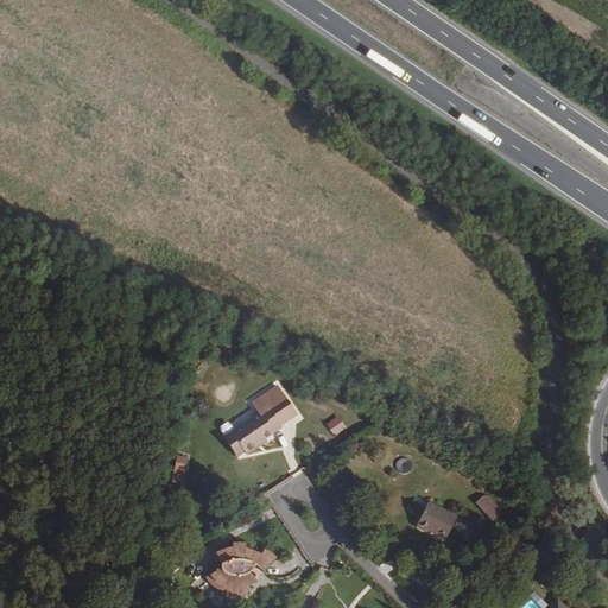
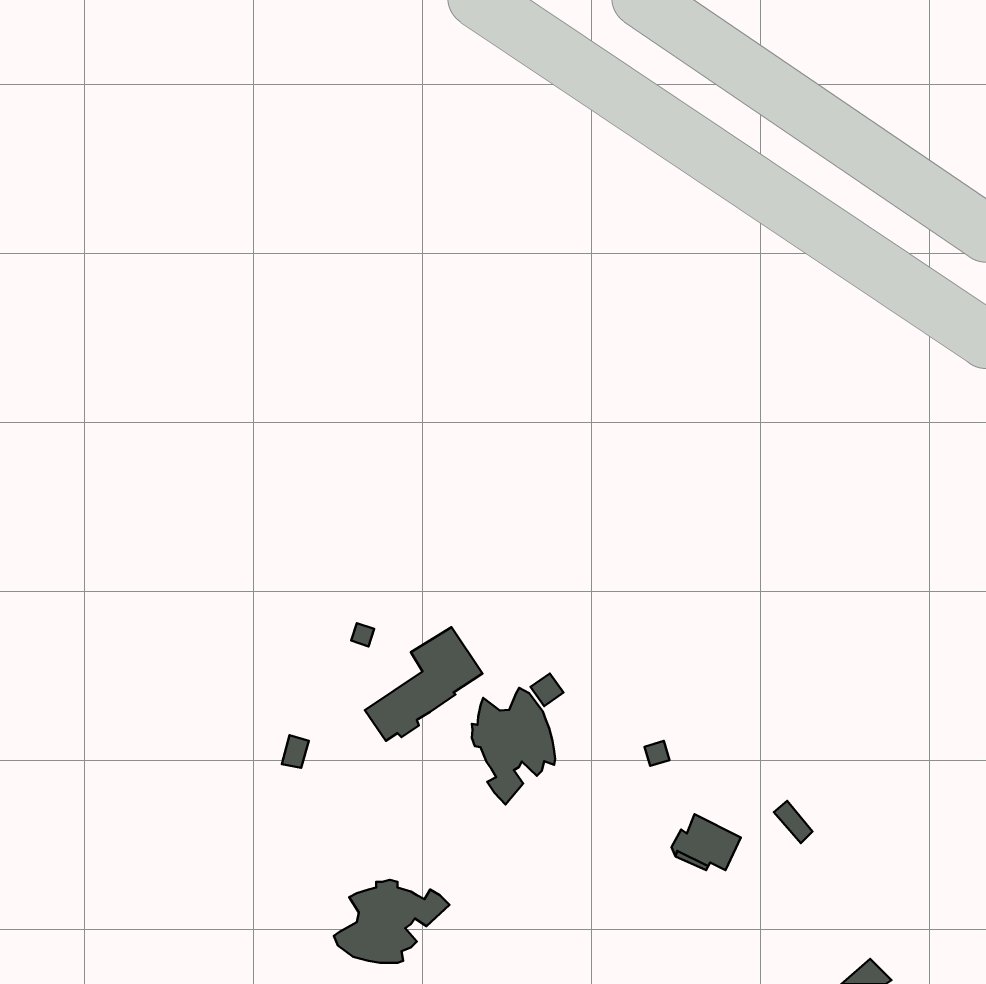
building: none -> [472,688,555,805]

